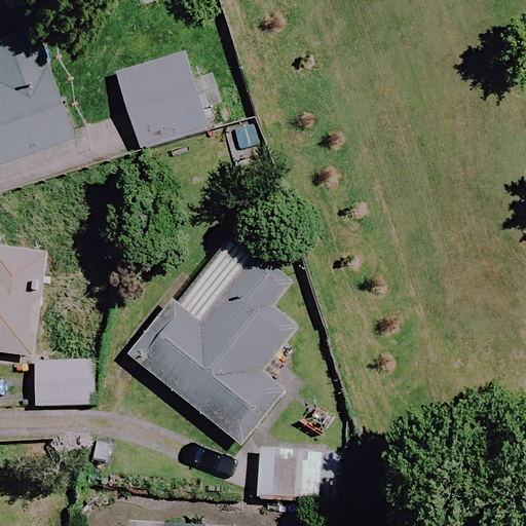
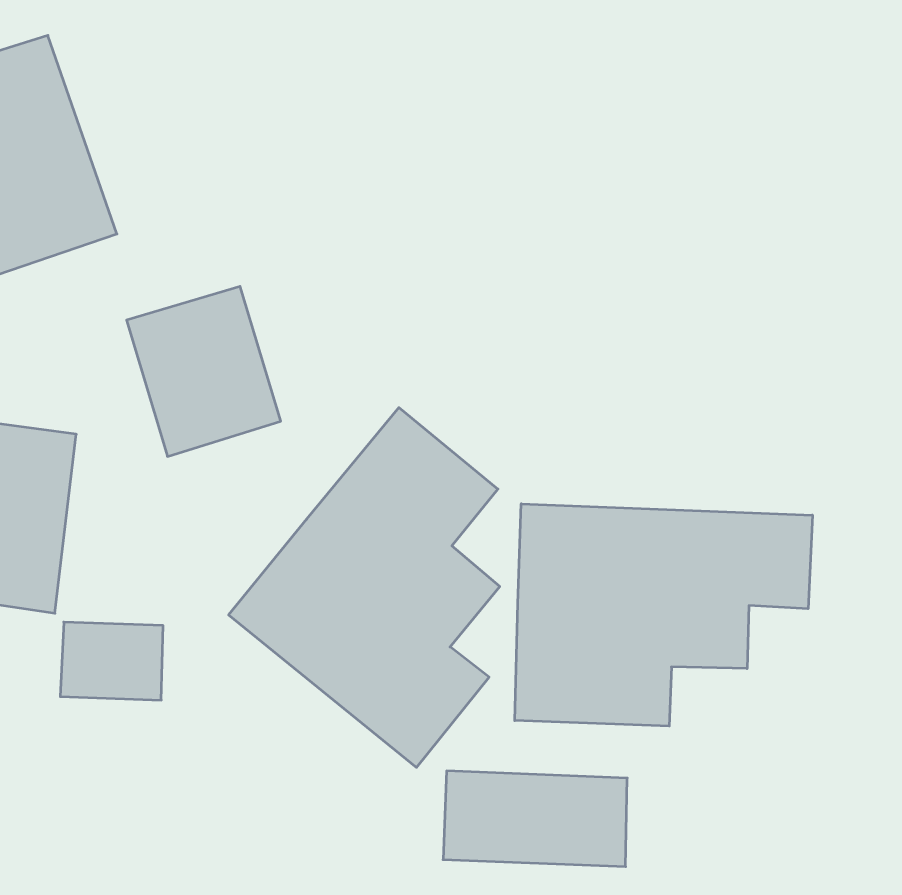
building: [116,51,205,150] -> [127,286,281,456]
building: none -> [515,504,812,726]

